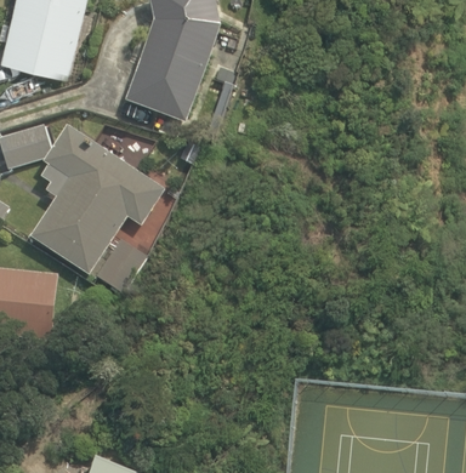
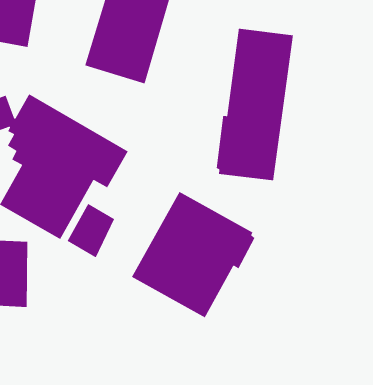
building: none -> [216,28,294,181]
building: none -> [131,191,256,318]

